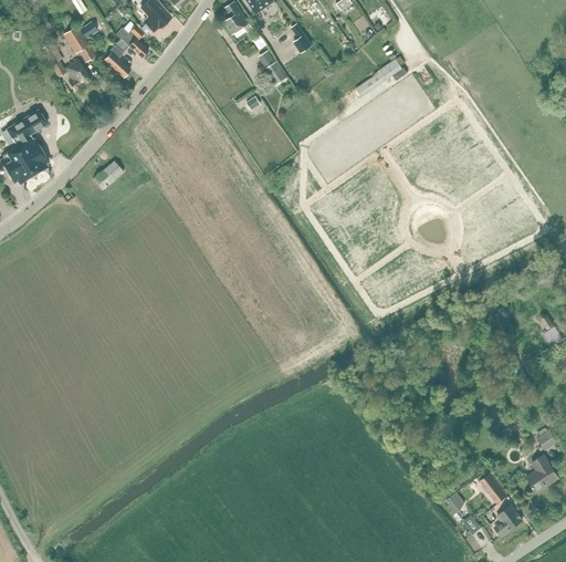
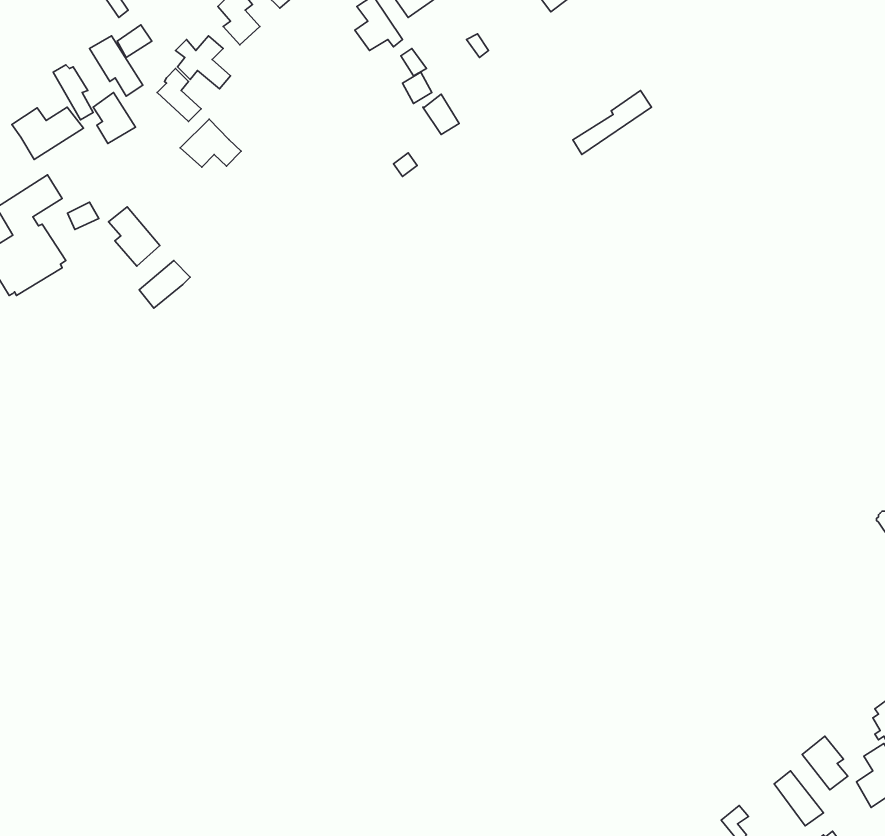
building: none -> [12,107,84,160]
building: none -> [180,119,241,167]
building: none -> [109,207,160,266]
building: none -> [802,736,848,790]

